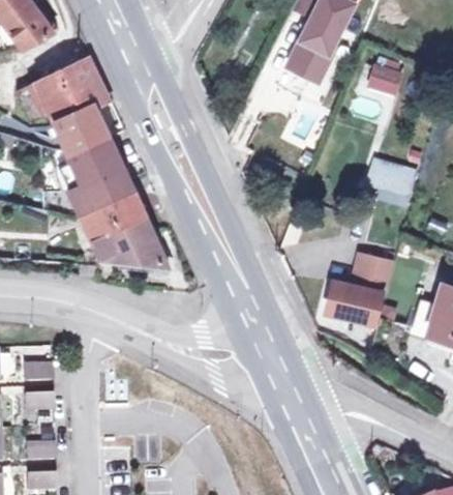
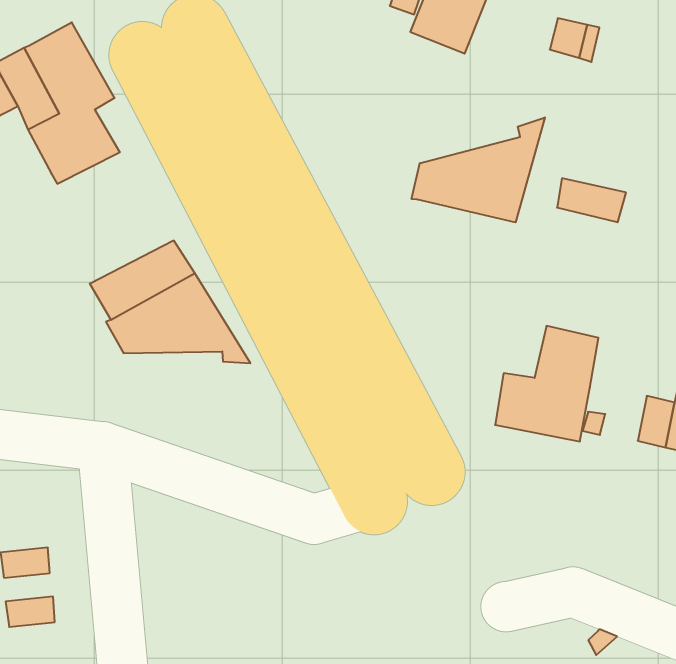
building: none -> [412,117,545,222]
building: [65,132,137,210] -> none

